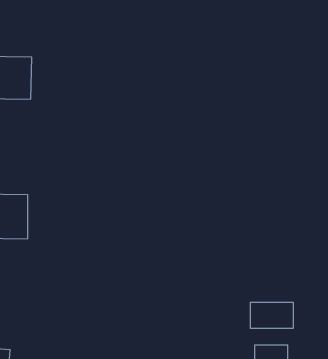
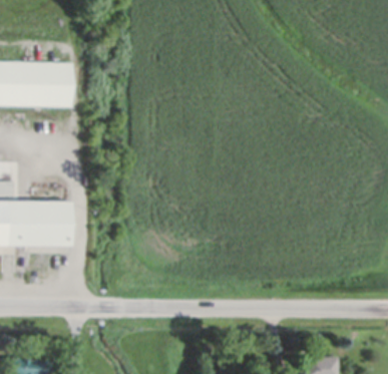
building: [250,302,293,328] -> none

